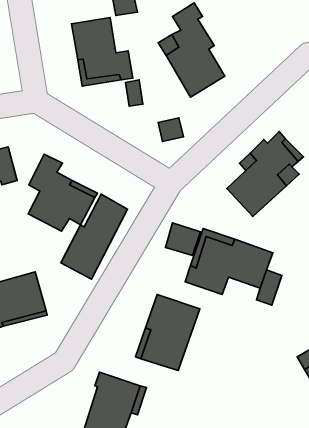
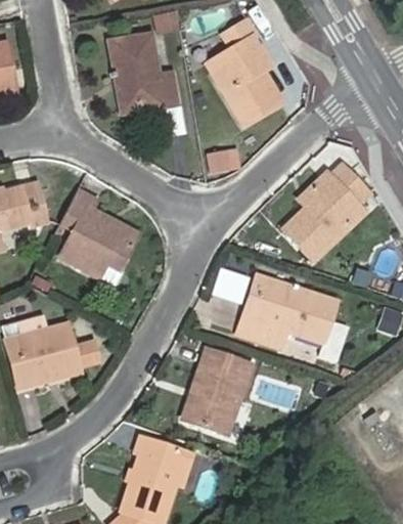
building: [61,194,127,279] -> none

